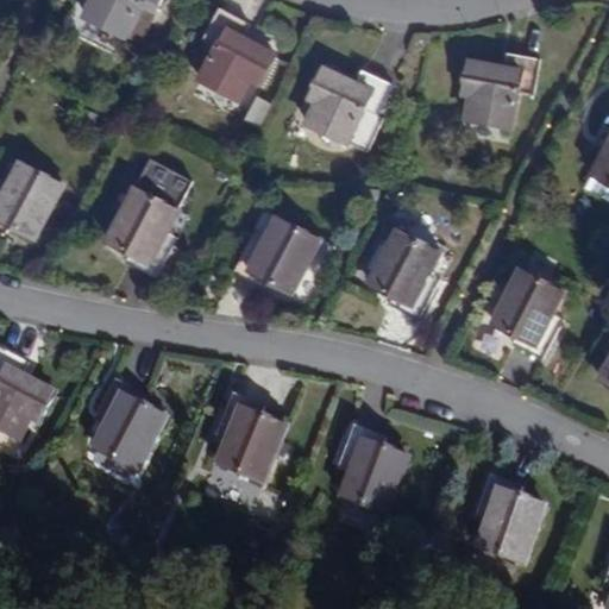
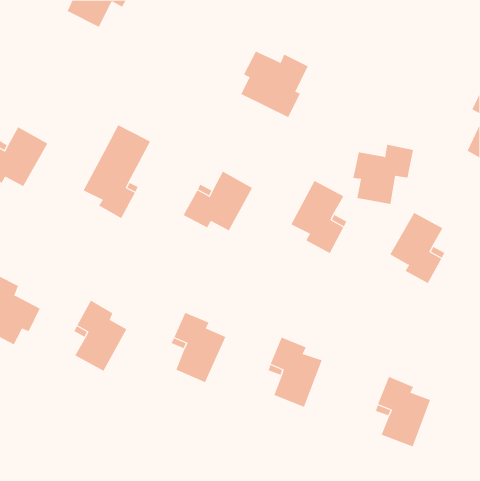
building: [199,8,271,99] -> none
building: [460,51,538,127] -> [353,144,414,205]

